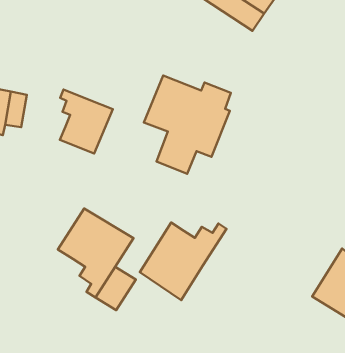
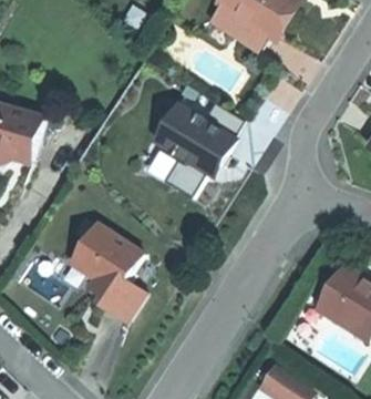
building: [60,89,113,154] -> none
building: [140,222,227,300] -> none

